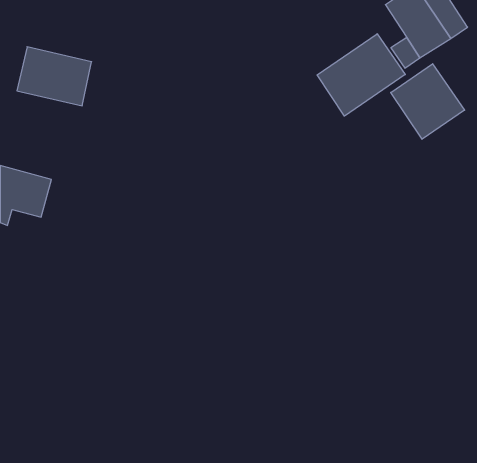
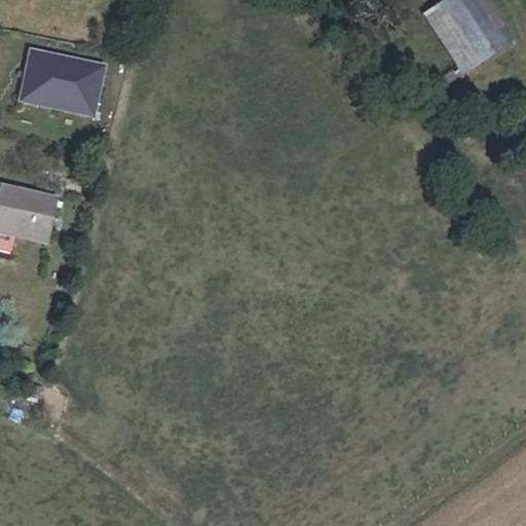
building: [317,34,405,116] -> none
building: [391,64,465,139] -> none

